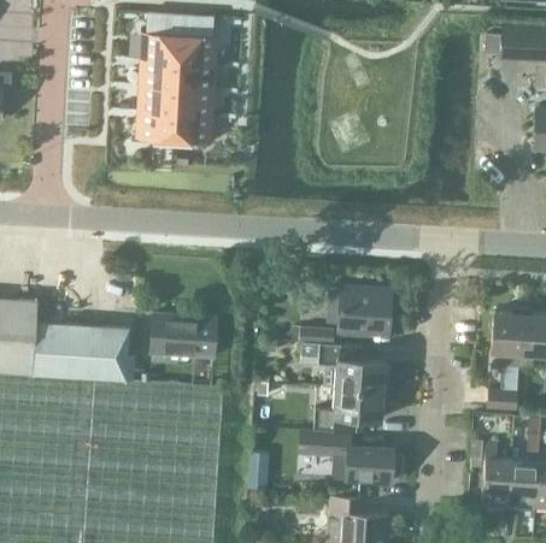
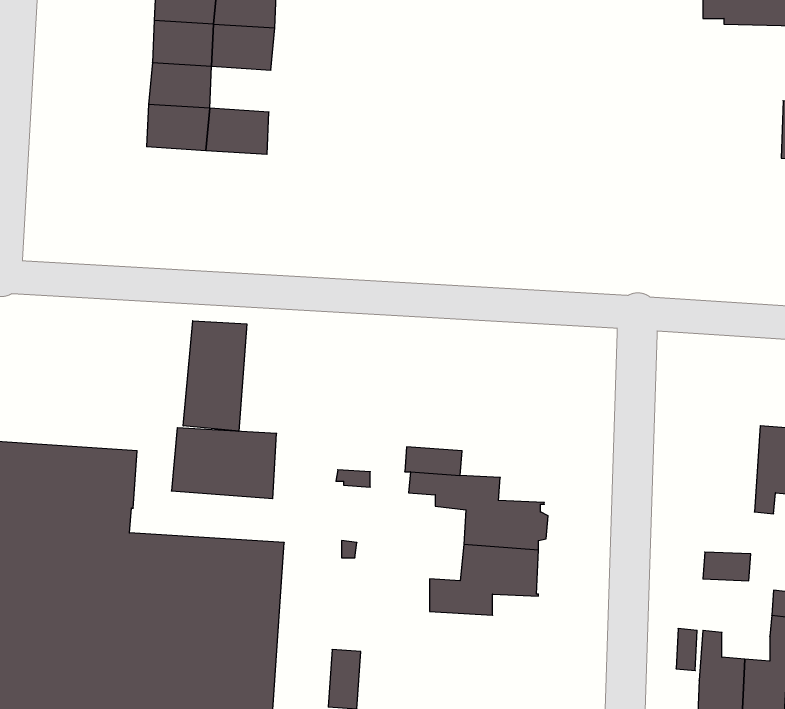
building: [174,87,212,116] -> none
building: none -> [183,321,247,431]
building: [337,287,389,336] -> none
building: [489,312,521,367] -> none
building: [298,432,391,483] -> none

